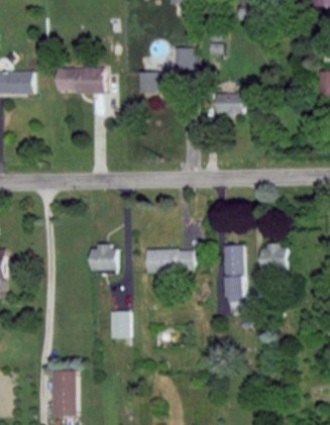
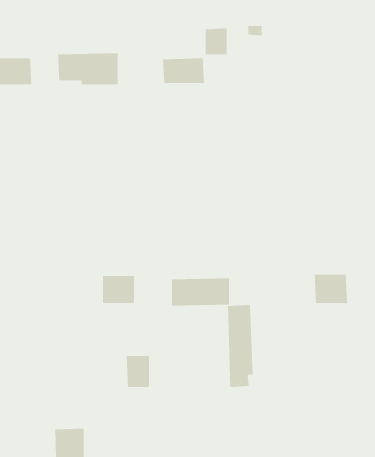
building: [215,92,241,114] -> none
building: [224,244,245,312] -> [227,304,253,388]

